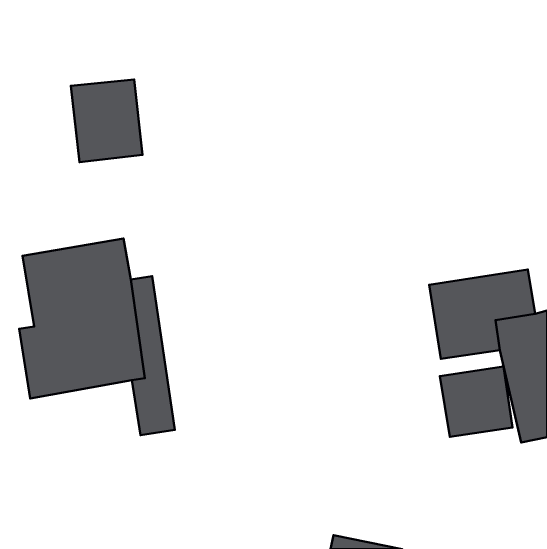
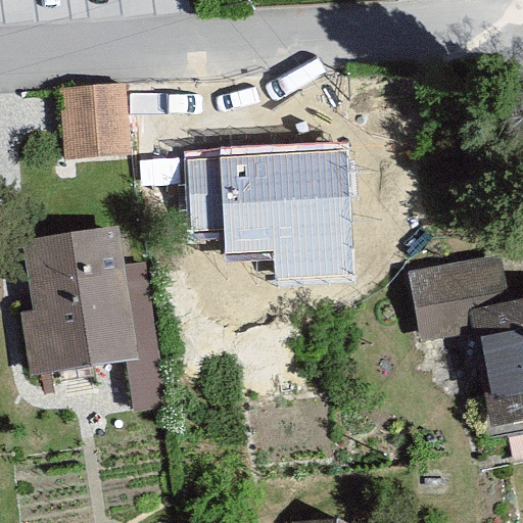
building: none -> [184,143,358,285]
building: [440,367,513,437] -> none

